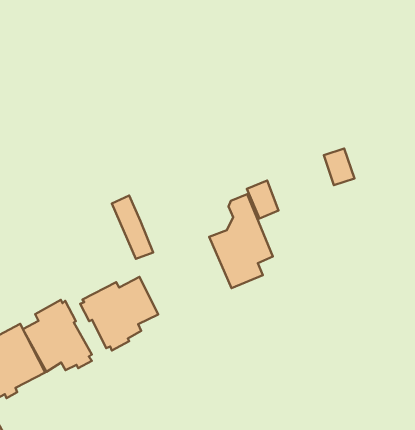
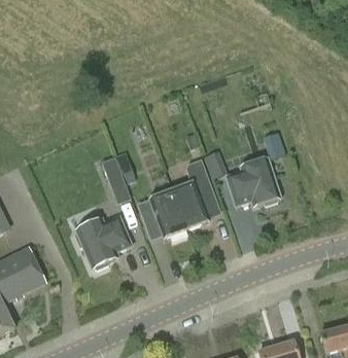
building: none -> [227,157,281,205]
building: none -> [138,186,187,242]
building: [23,300,92,372] -> none

